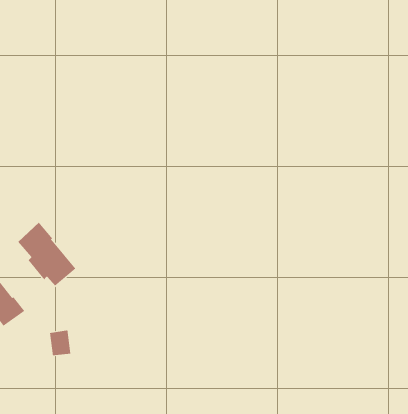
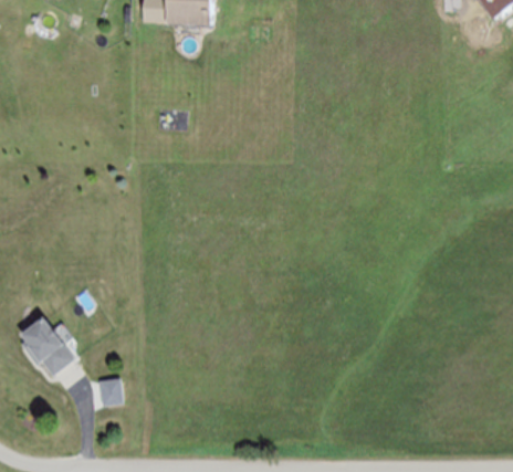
building: [18,222,76,287] -> none

